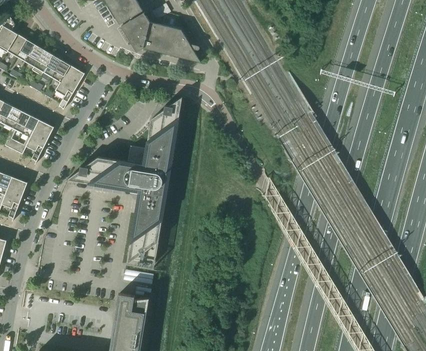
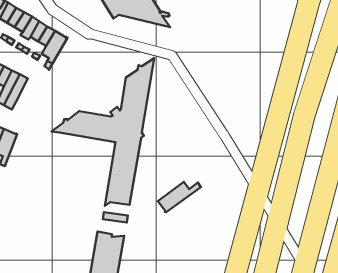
building: [26,120,53,162] -> none
building: none -> [158,182,201,212]

